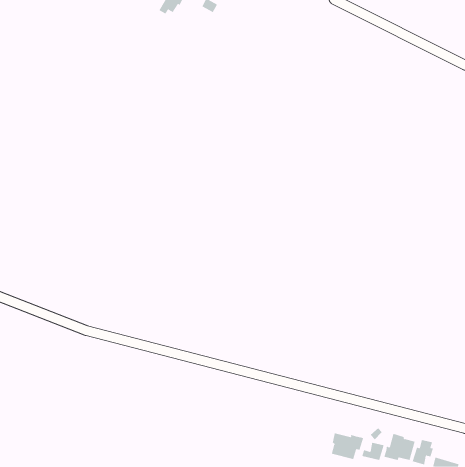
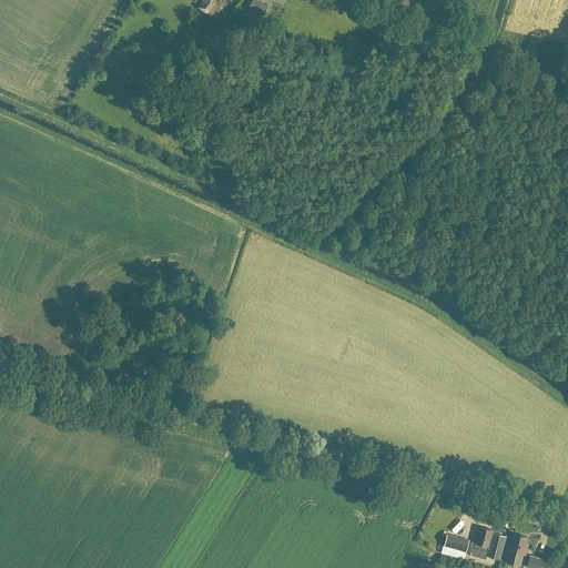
building: [331,432,364,460] -> none

